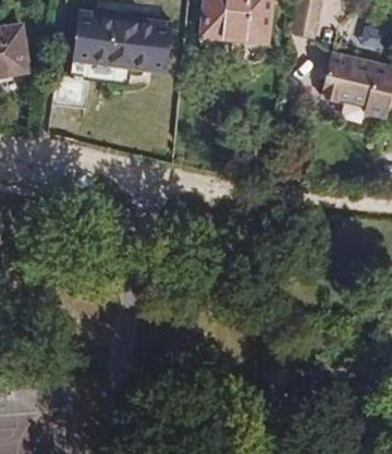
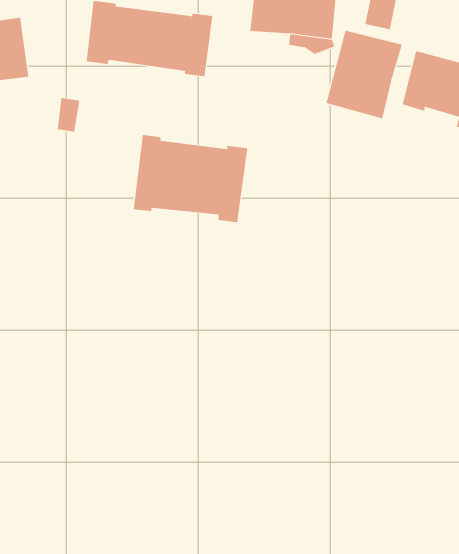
building: none -> [326,30,402,119]
building: none -> [133,134,248,223]

